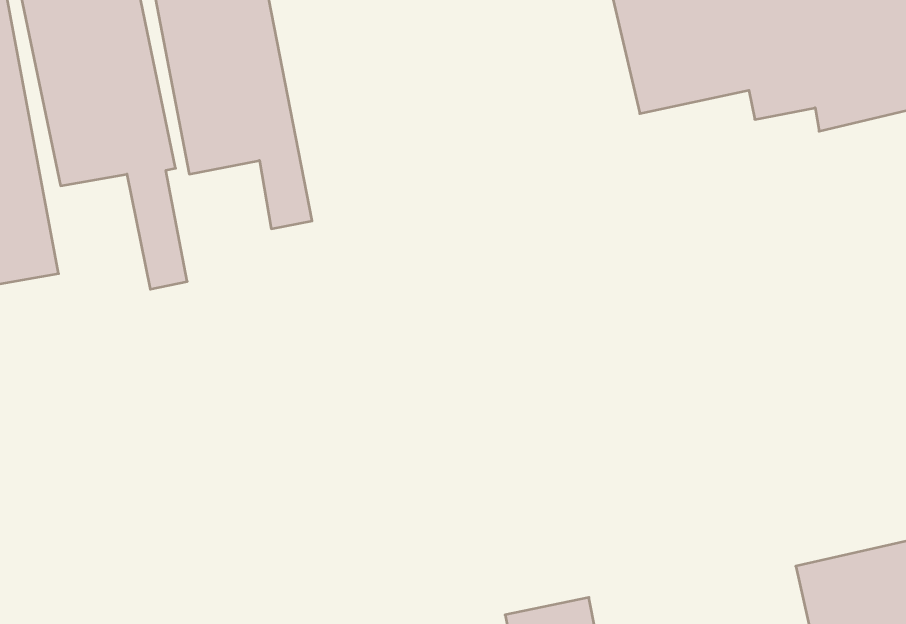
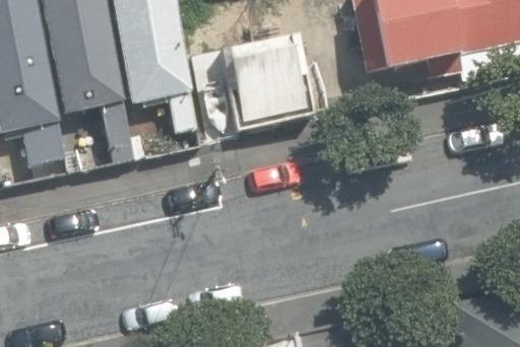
building: none -> [221,33,315,130]

